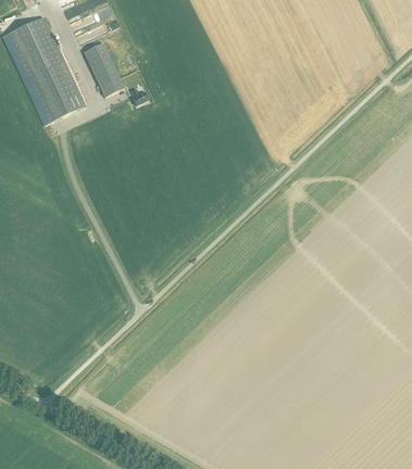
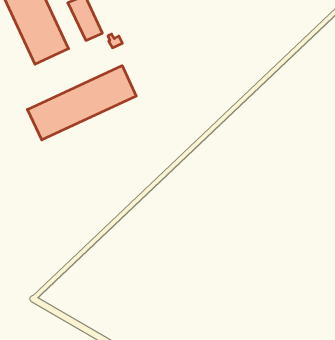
building: none -> [27,66,136,140]

